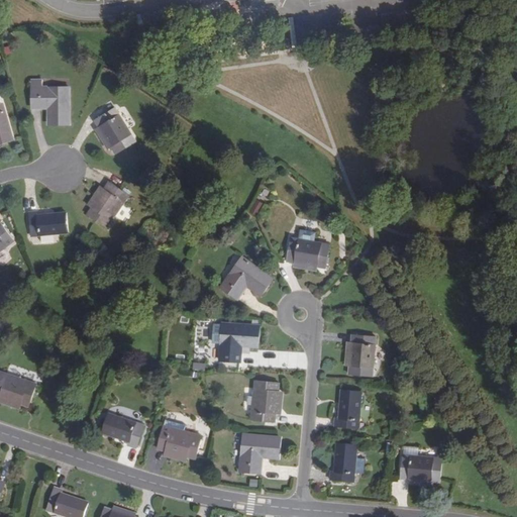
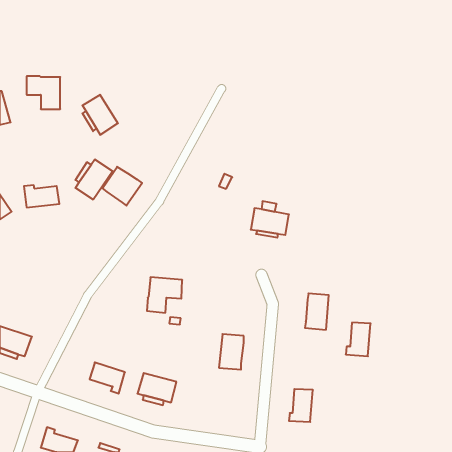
building: none -> [102,167,142,206]
building: [220,256,272,299] -> none
building: [218,322,258,363] -> [147,277,182,313]
building: [333,390,361,428] -> [346,323,371,356]
building: [239,434,279,472] -> none
building: [400,454,441,482] -> none

